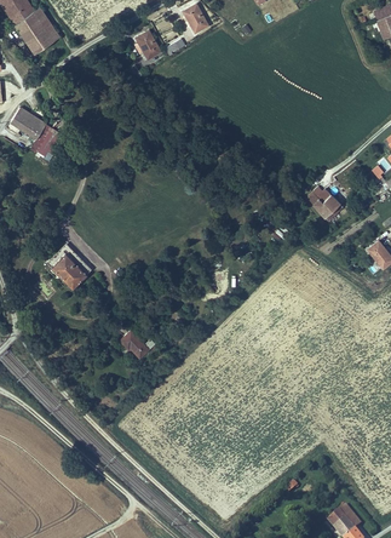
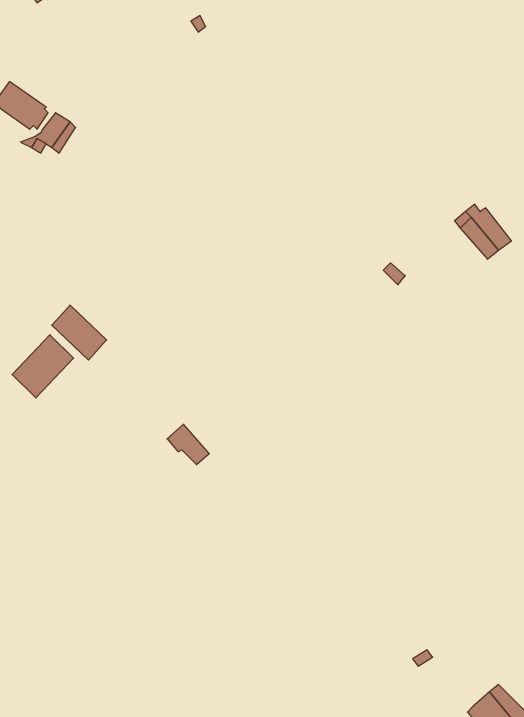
building: none -> [12,335,74,398]

